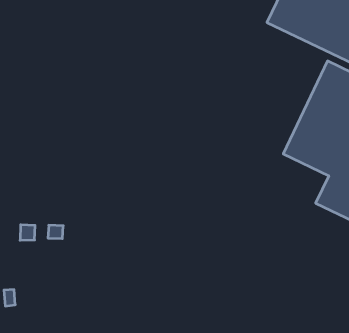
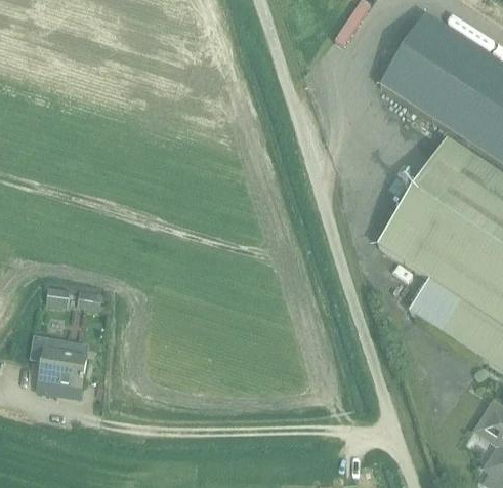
building: none -> [31,333,87,390]

